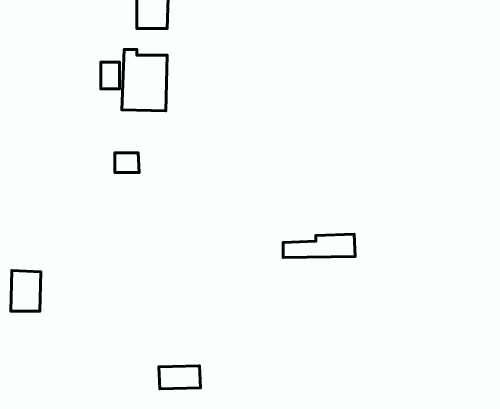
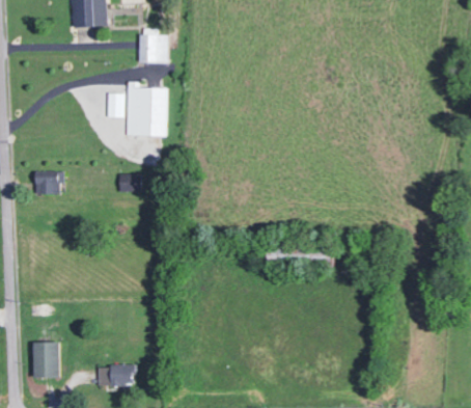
building: none -> [35,171,64,194]
building: [11,271,41,311] -> [33,342,60,378]
building: [159,366,201,389] -> [98,365,135,386]

